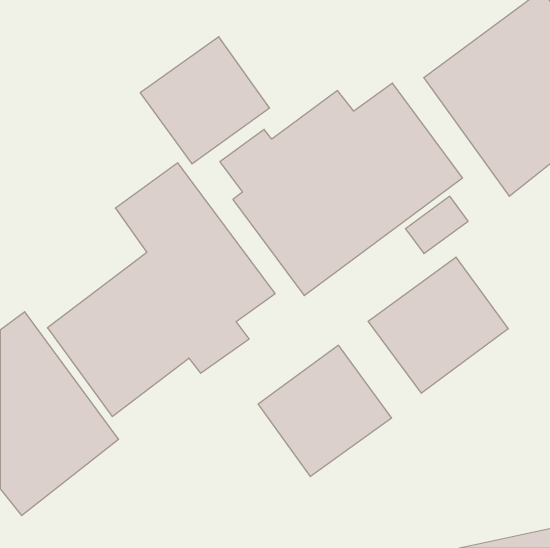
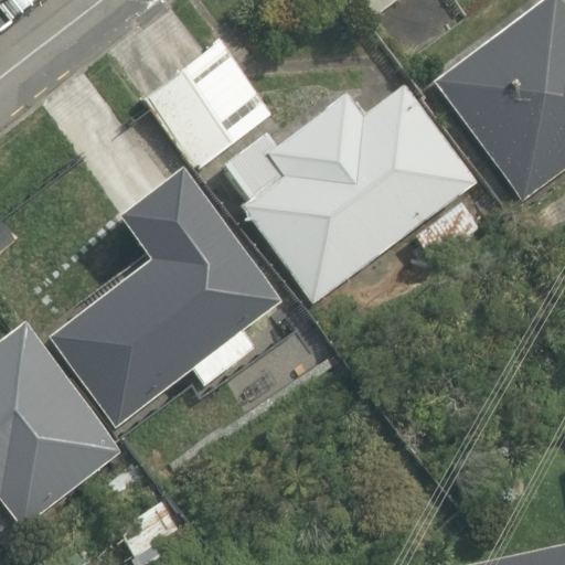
building: [368,257,508,393] -> none
building: [258,345,392,477] -> none

